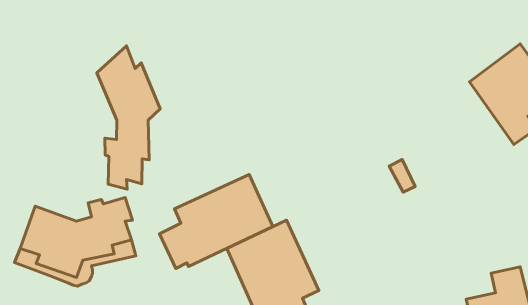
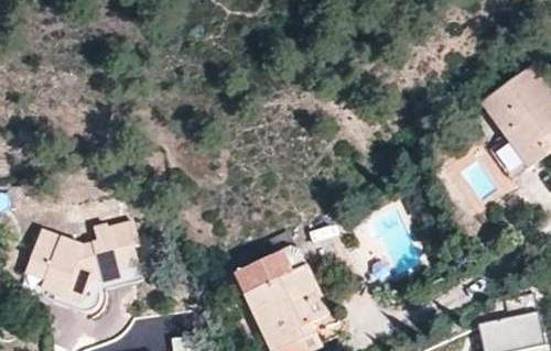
building: [97,46,160,189] -> none
building: [160,174,273,268] -> none

